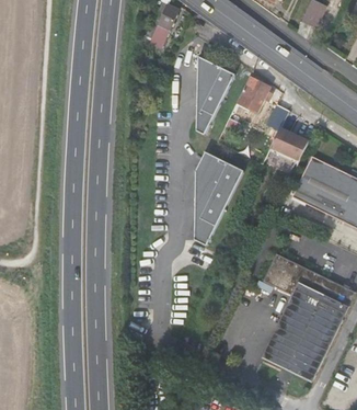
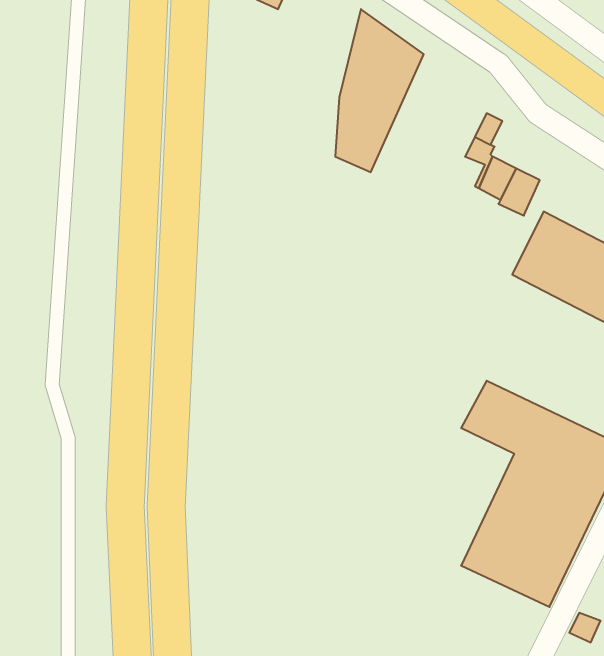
building: [229,76,273,115] -> none
building: [199,147,249,241] -> none

